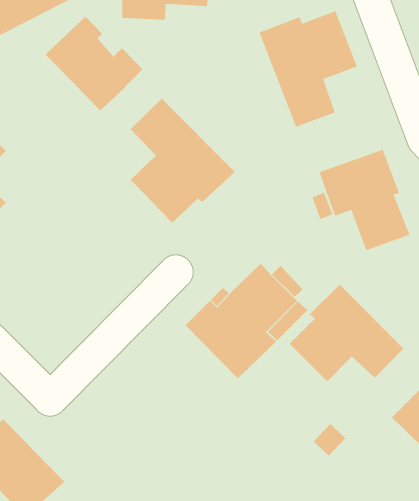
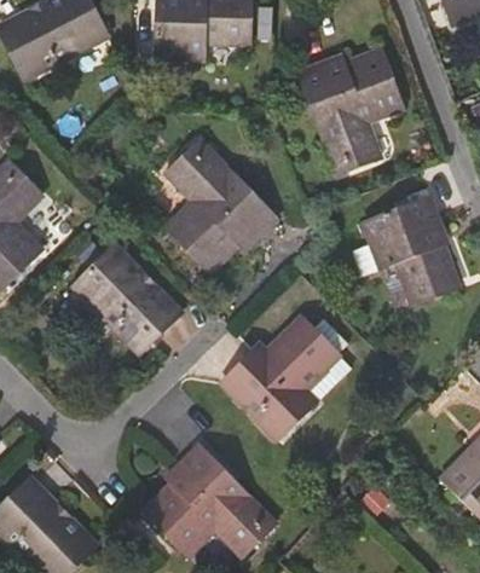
building: [45,16,143,111] -> none
building: none -> [71,247,178,352]
building: [289,284,404,382] -> none
building: none -> [145,447,277,557]

